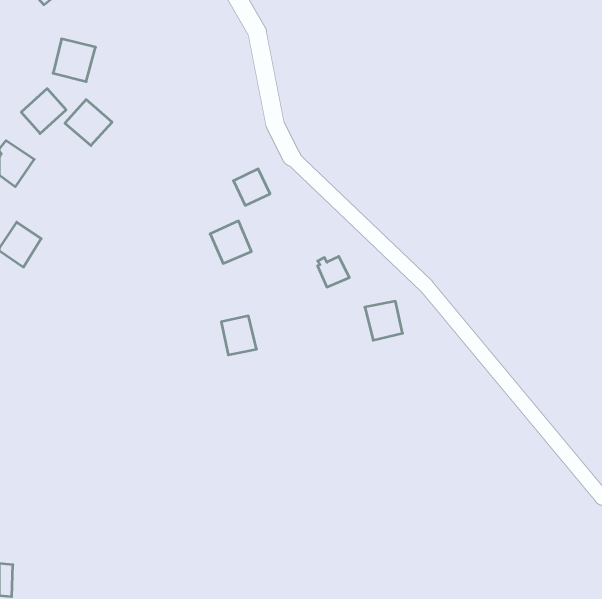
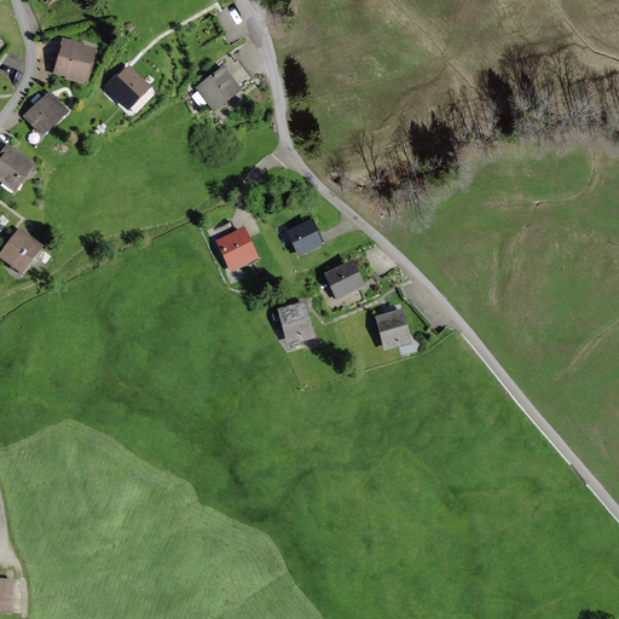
building: none -> [197,56,251,105]
building: [65,100,112,146] -> [106,66,155,114]
building: [233,169,270,205] -> [285,219,323,256]
building: [221,316,257,355] -> [277,302,313,342]

